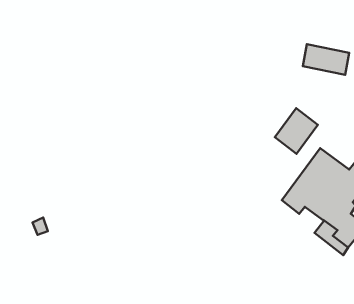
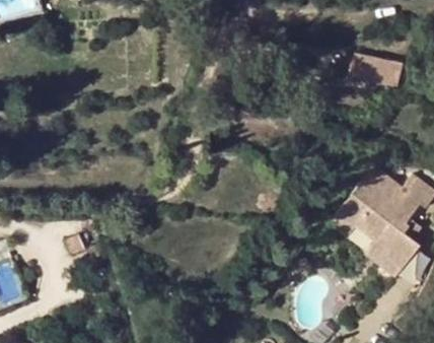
building: [275,108,318,154] -> none

